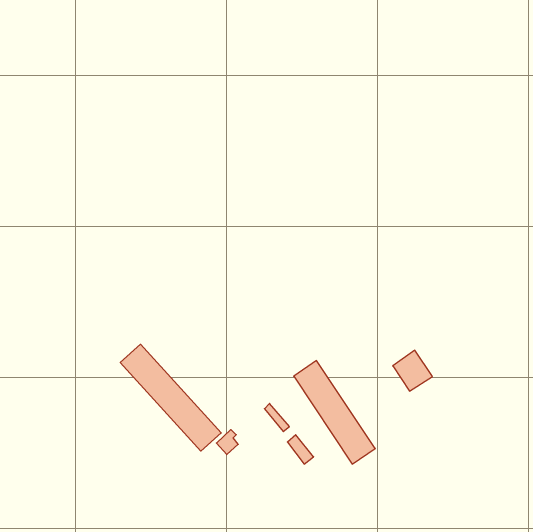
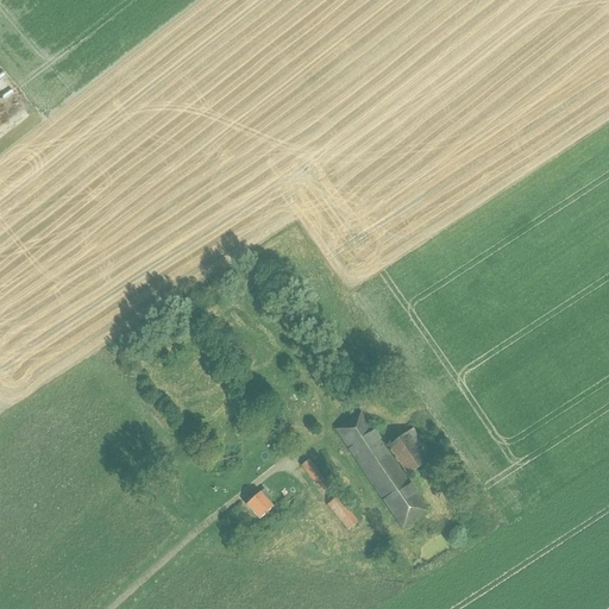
building: [120,344,221,451] -> none
building: [393,350,432,391] -> [389,427,434,473]

